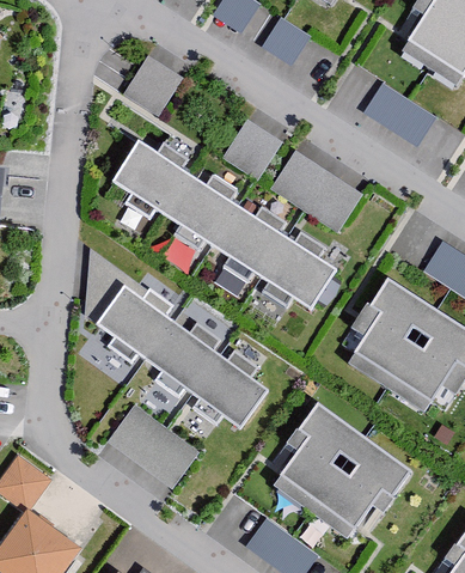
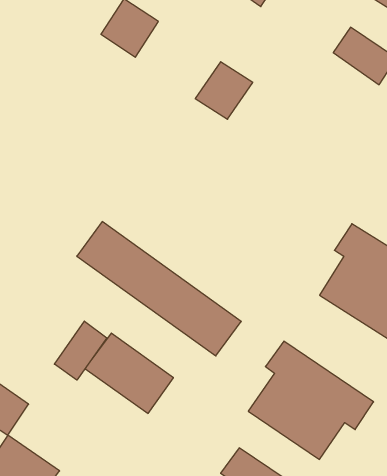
building: [112,141,337,310] -> none
building: [271,152,361,232] -> none
building: none -> [54,321,107,380]

